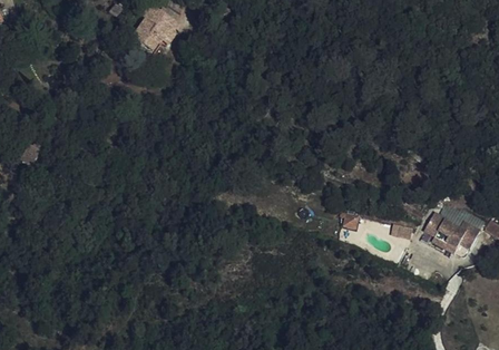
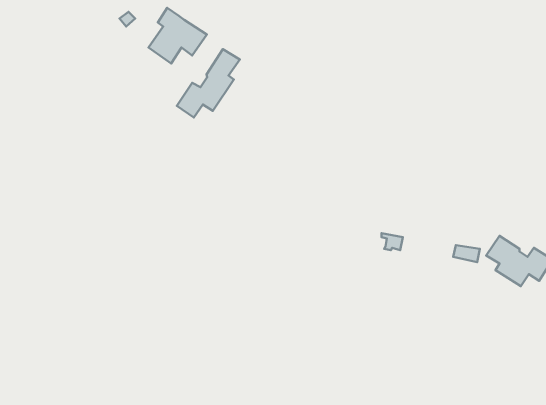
building: none -> [177,49,240,118]

